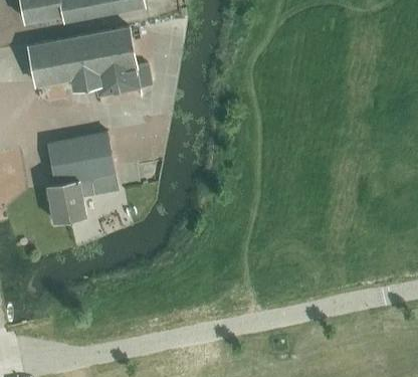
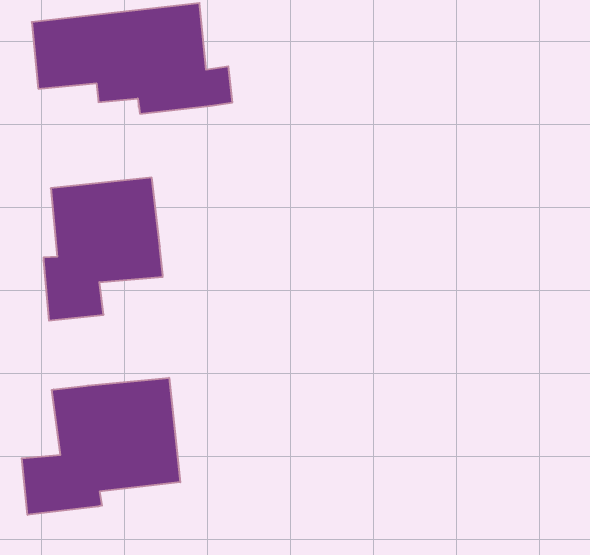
building: none -> [22,378,180,515]

